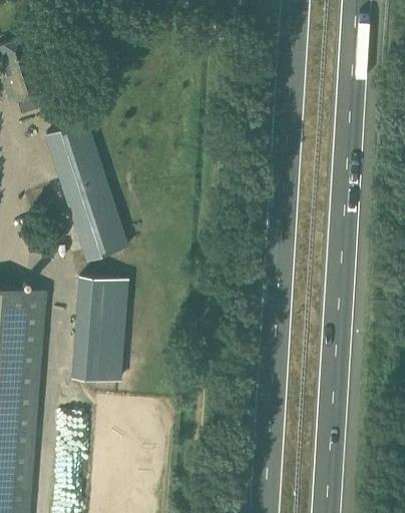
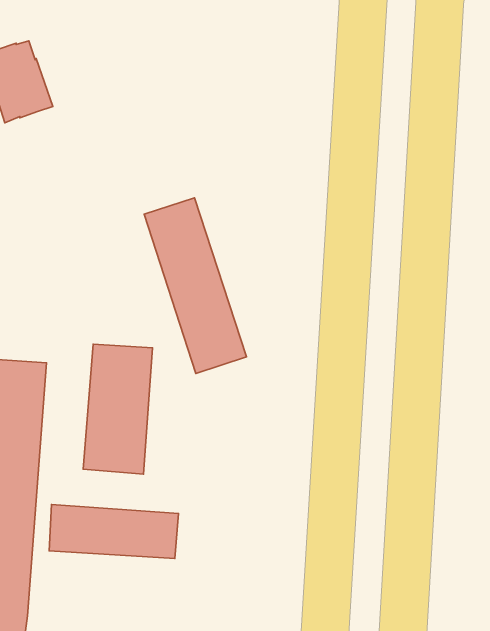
building: [47,121,128,261] -> [144,198,246,373]
building: none -> [49,505,178,559]

